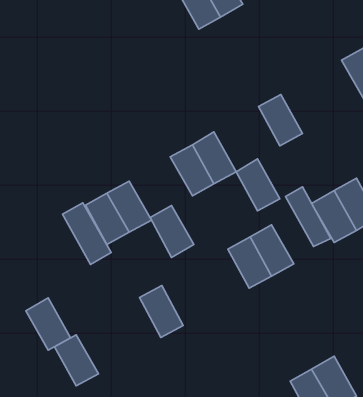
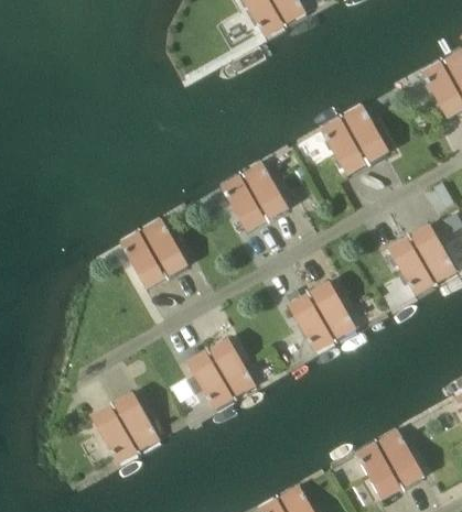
building: [236,159,280,211] -> [348,102,400,164]
building: [286,187,331,247] -> none
building: [63,203,111,264] -> none
building: [150,205,194,258] -> [207,329,259,391]
building: [26,298,70,350] -> [106,386,159,448]

